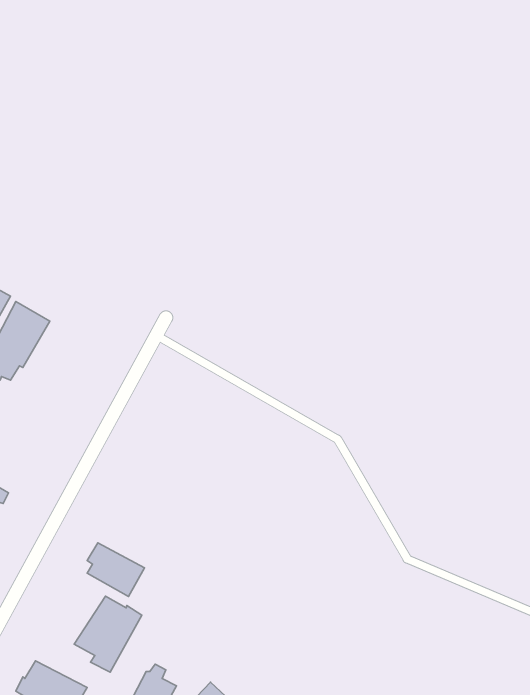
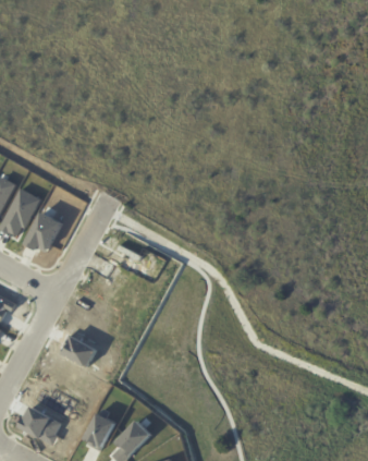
building: none -> [23,211,61,252]
building: [74,596,142,672] -> none

